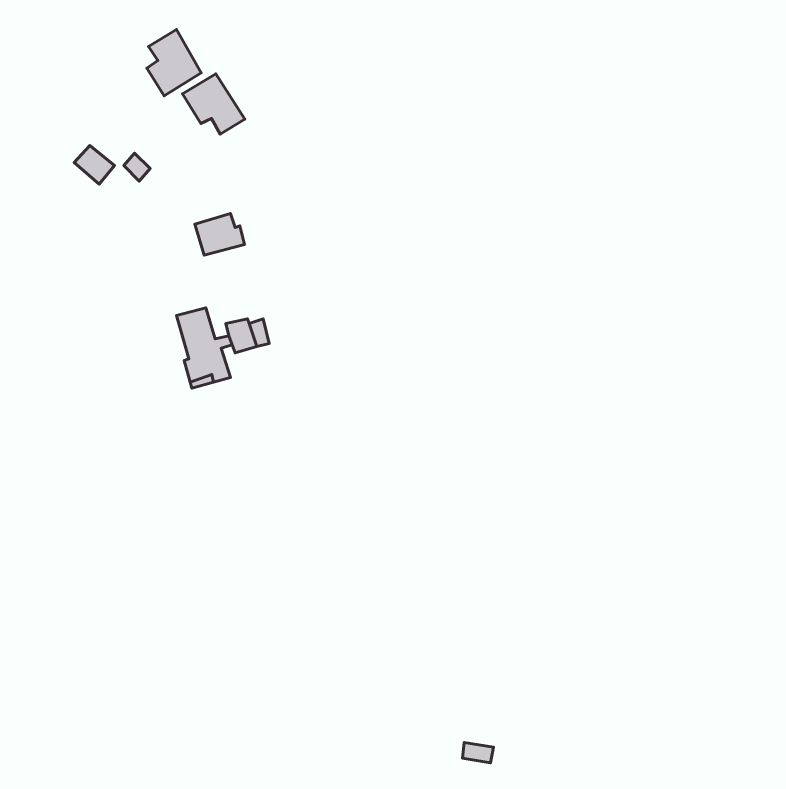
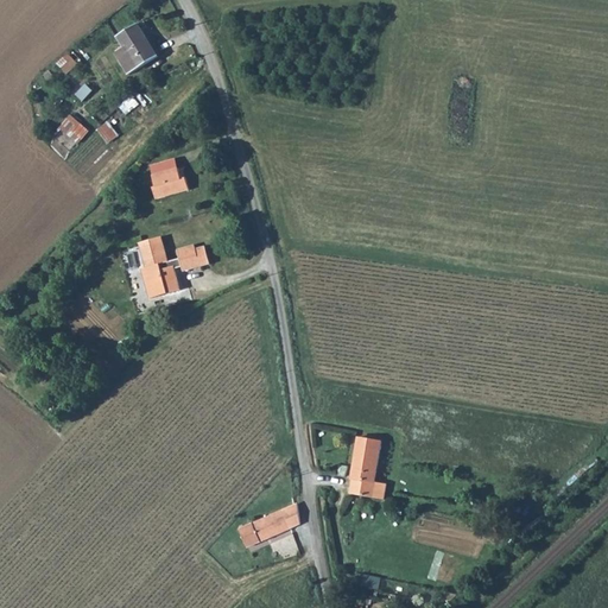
building: [183,74,245,134] -> none
building: none -> [348,436,386,499]
building: none -> [238,502,298,546]

